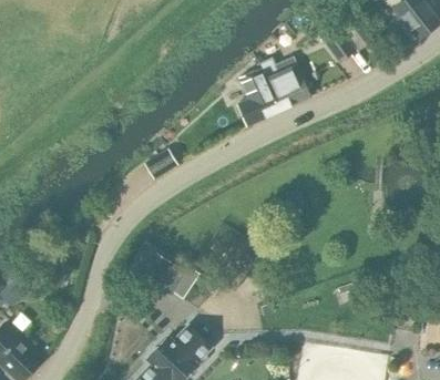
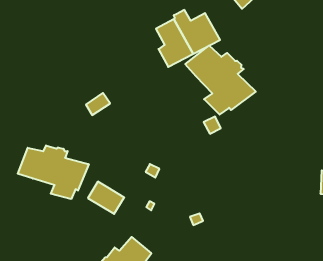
building: none -> [185,46,256,115]
building: none -> [18,145,89,199]

